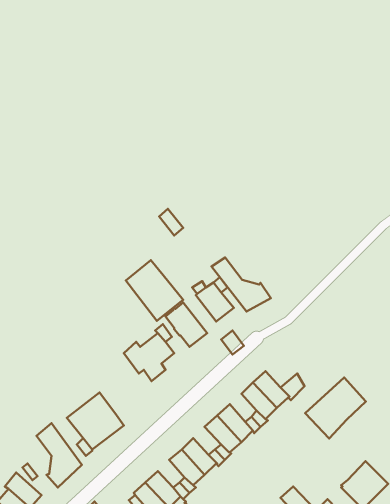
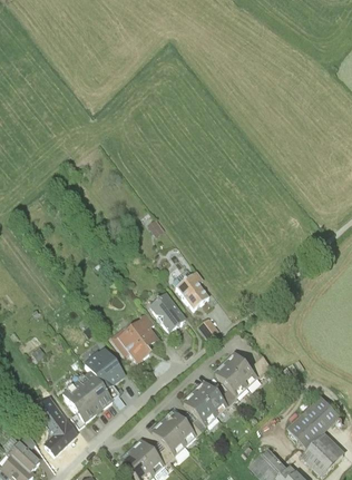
building: [211,258,271,311] -> none
building: [126,260,183,321] -> none
building: none -> [85,349,124,389]
building: [305,378,366,438] -> [289,394,342,448]

